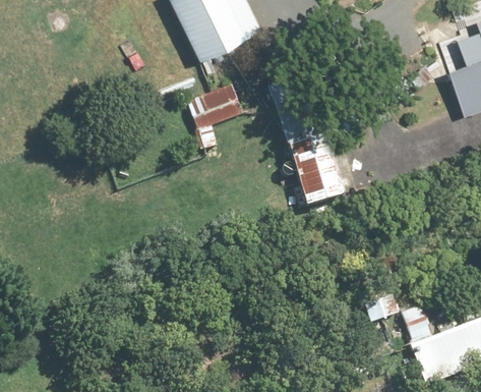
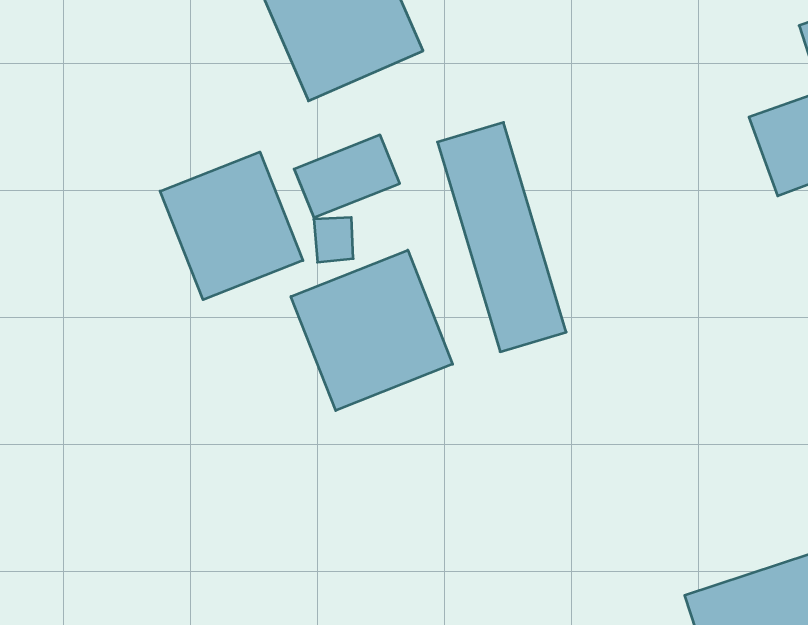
building: none -> [160,152,303,300]
building: none -> [291,250,453,411]

